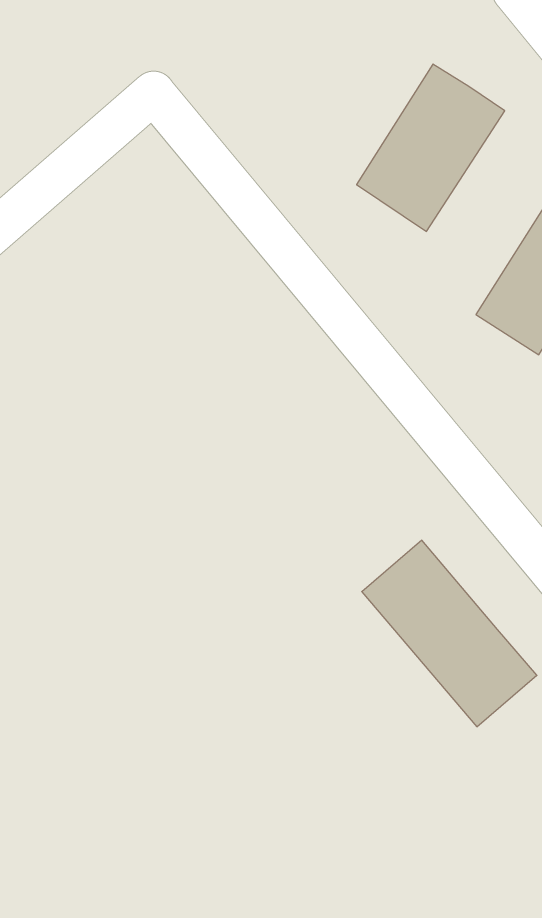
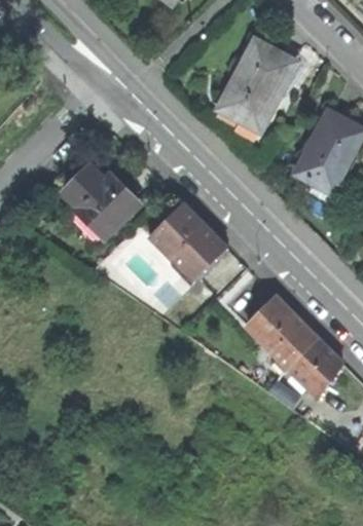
building: none -> [61,163,134,234]
building: none -> [148,203,226,280]

